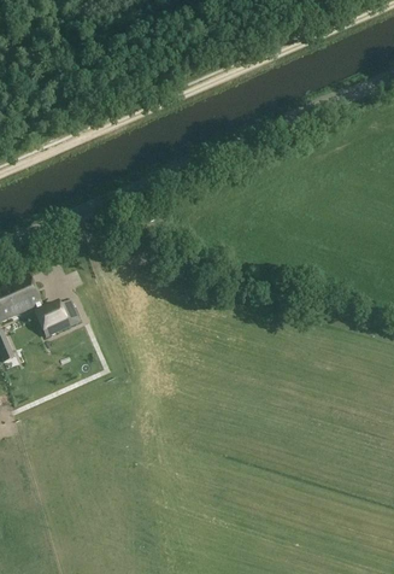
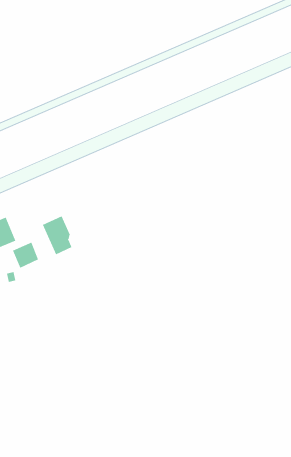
building: none -> [42,216,72,255]

